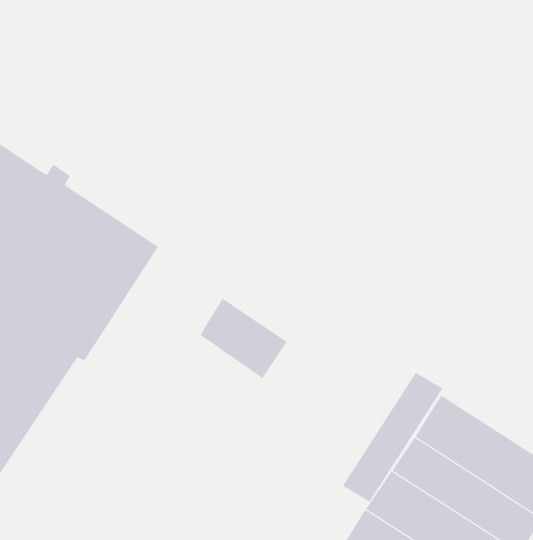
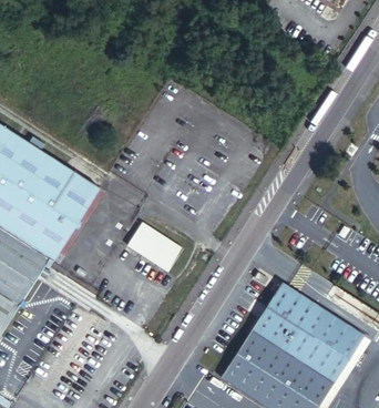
building: [342,372,443,503] -> none

